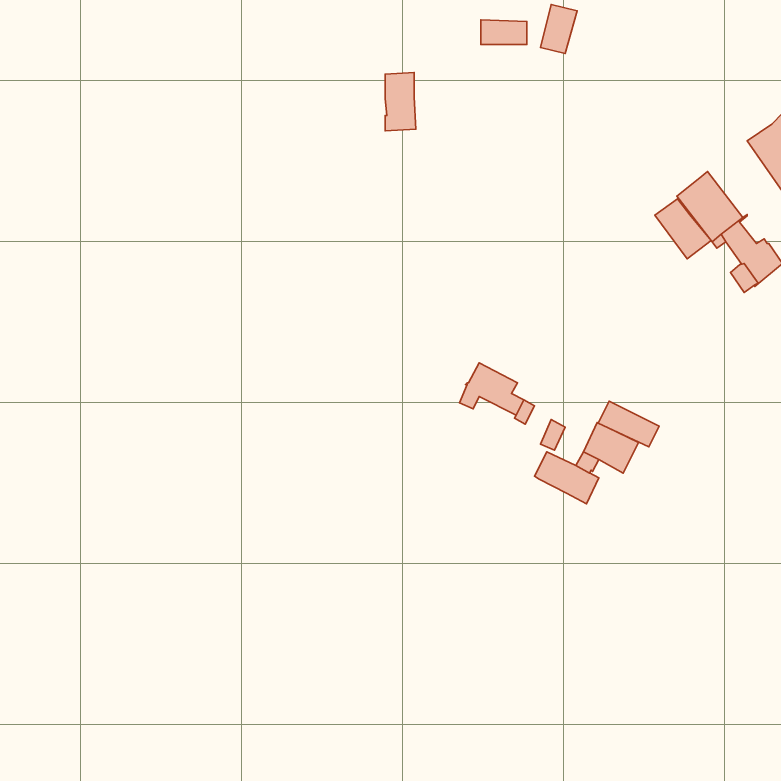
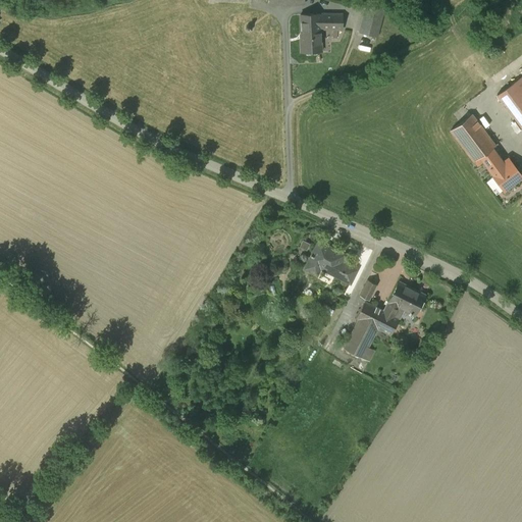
building: [385,73,416,131] -> [302,14,322,53]
building: [655,199,711,259] -> none
building: [598,401,659,447] -> none
building: none -> [345,320,378,362]

